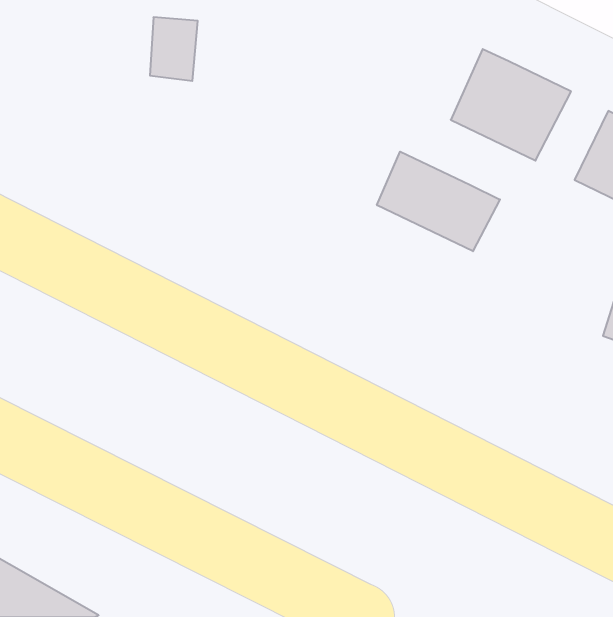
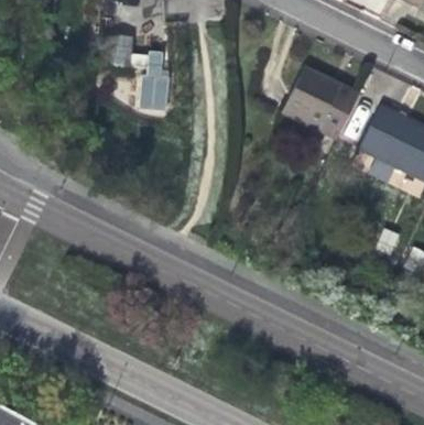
building: none -> [140,52,170,110]
building: [377,152,500,251] -> none

